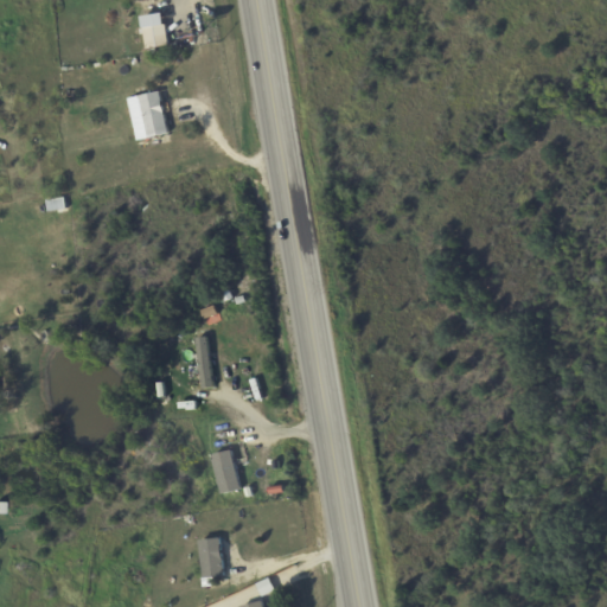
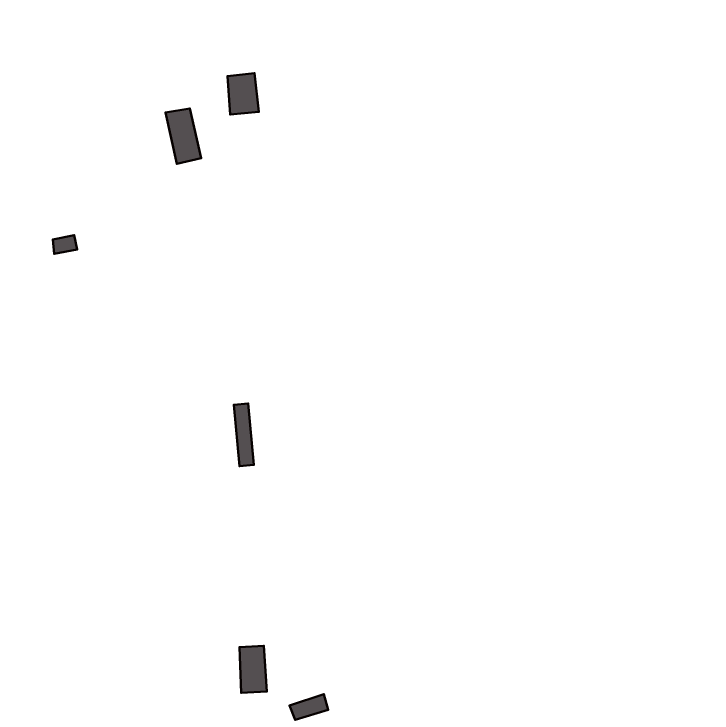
building: [140,13,166,47] -> [227,73,259,115]
building: [210,449,239,493] -> none

